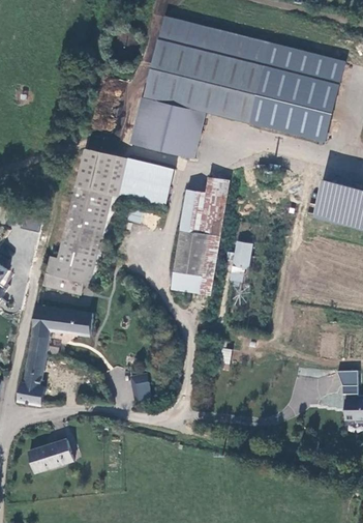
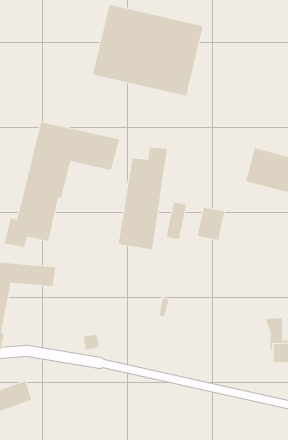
building: [248,41,344,139] -> none
building: [130,96,202,157] -> none
building: none -> [197,207,225,241]

